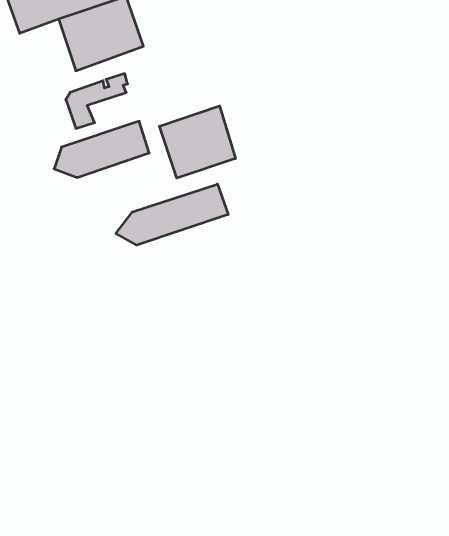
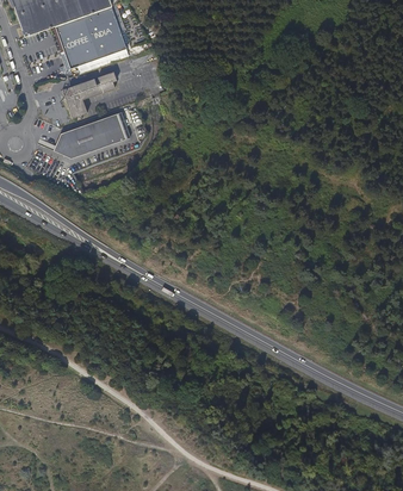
building: [159,106,235,178] -> none
building: [116,184,228,245] -> none

